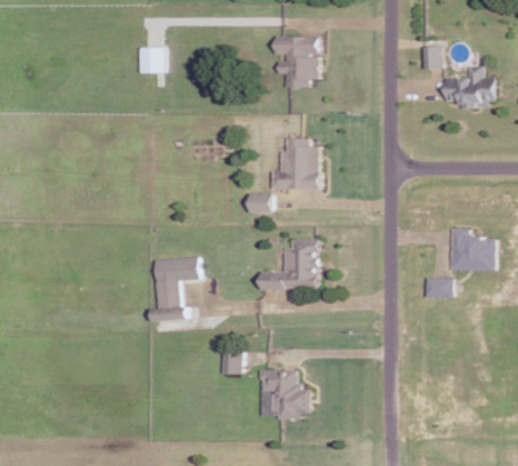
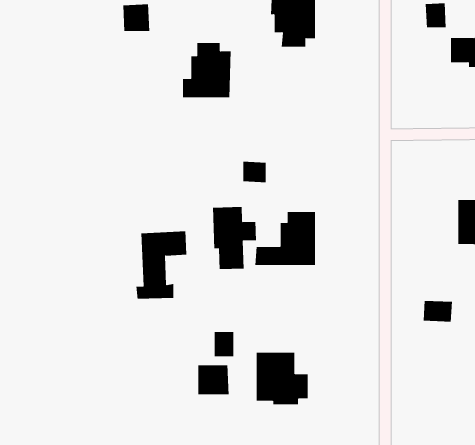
building: [273,138,319,189] -> [182,42,231,98]
building: none -> [212,206,256,270]
building: [424,277,451,297] -> [423,300,453,322]
building: none -> [198,364,229,395]

